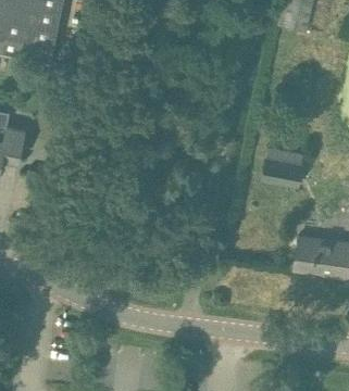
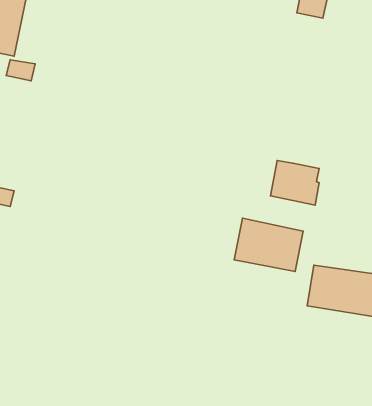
building: none -> [234,218,303,272]

